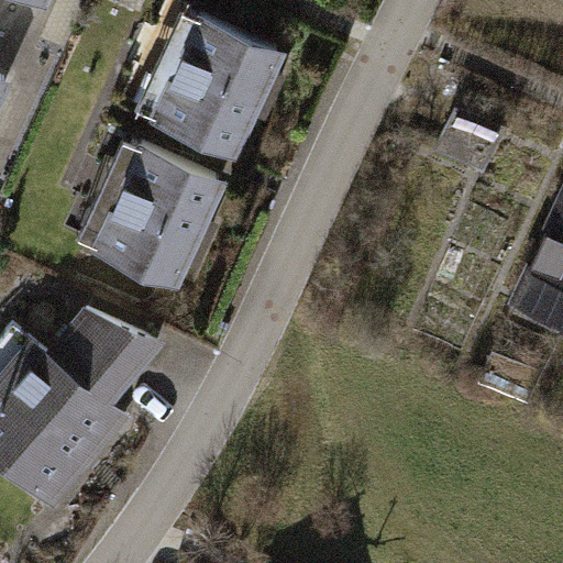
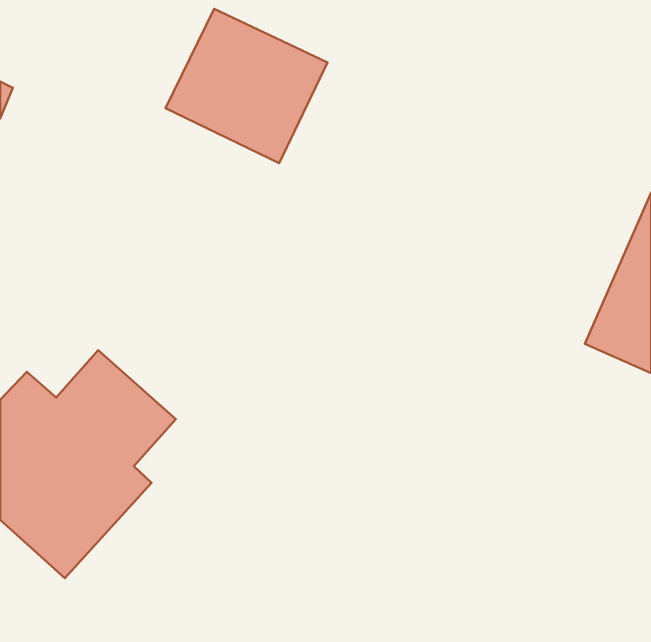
building: [82,145,222,279] -> none

